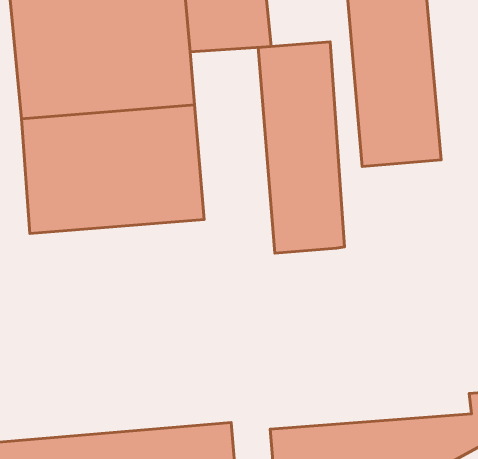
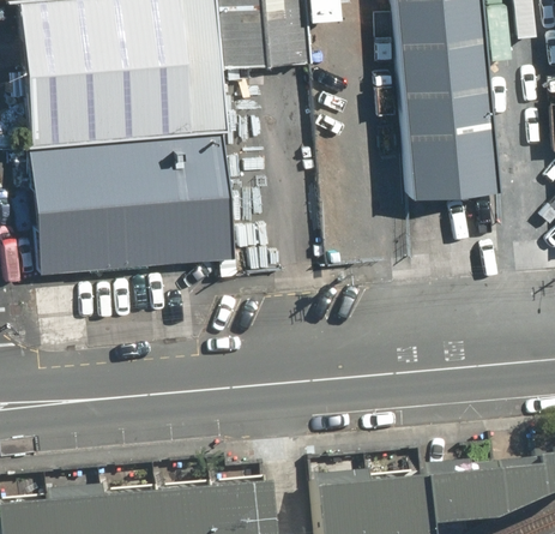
building: [258,42,344,253] -> none

